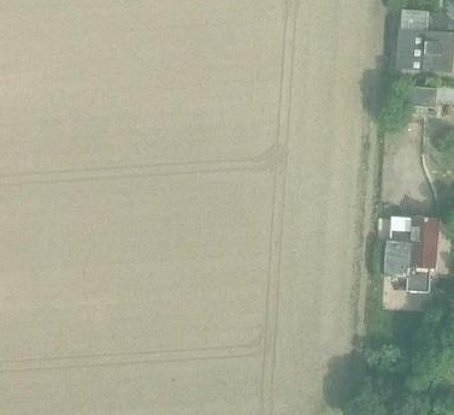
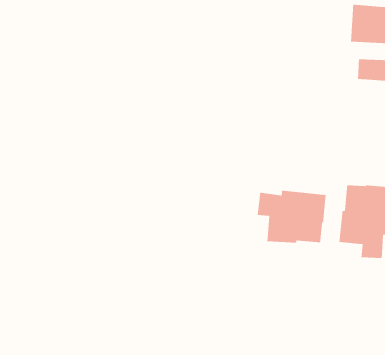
building: none -> [257,190,326,244]

